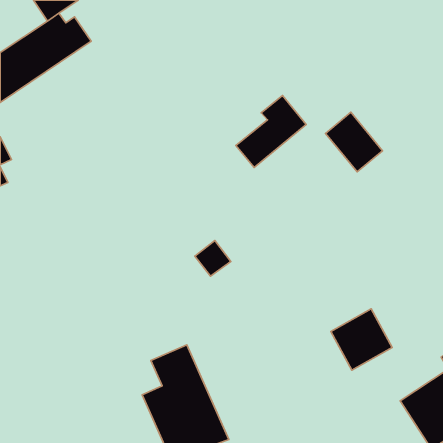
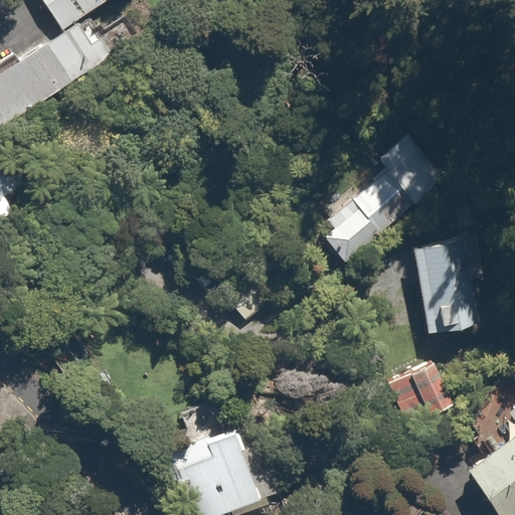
building: [236,95,306,167] -> [324,178,404,261]
building: none -> [409,237,482,328]

